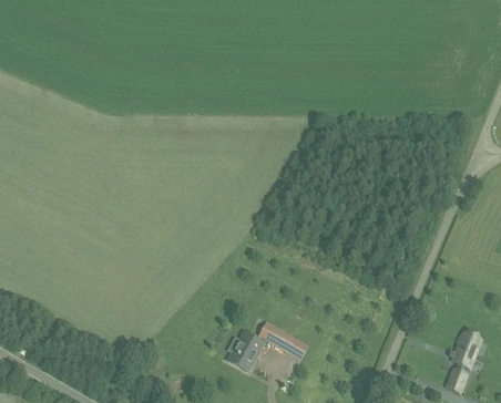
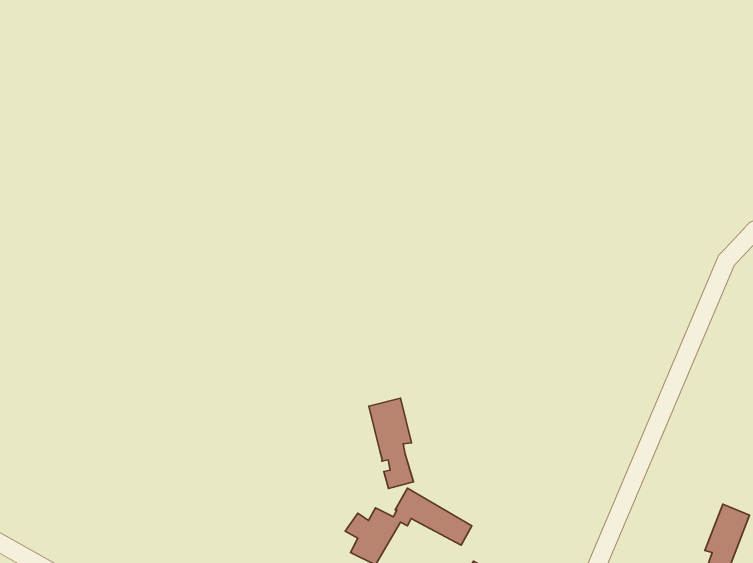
building: none -> [369,398,414,489]

